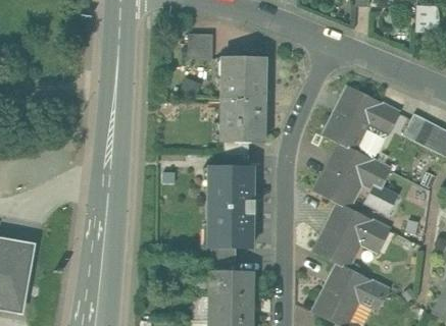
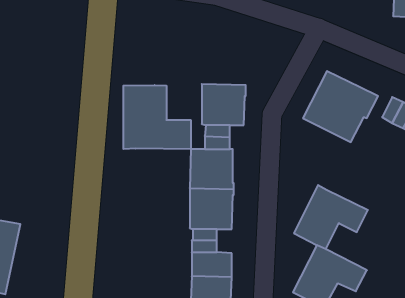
building: [187,34,211,58] -> none
building: [219,57,265,101] -> none
building: none -> [123,85,191,149]
building: [314,143,398,214] -> none

